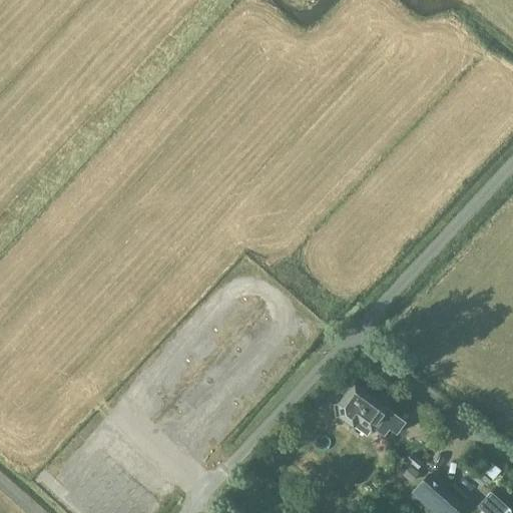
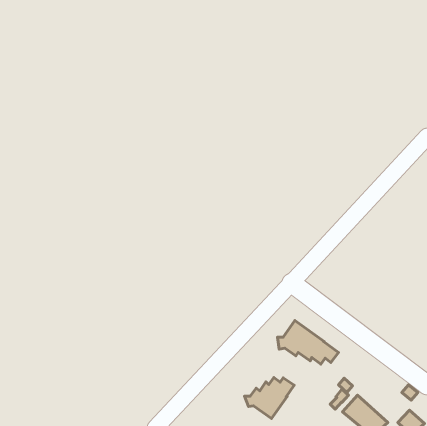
building: none -> [245,378,294,419]

